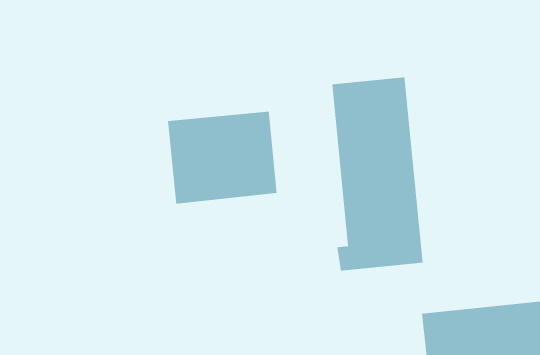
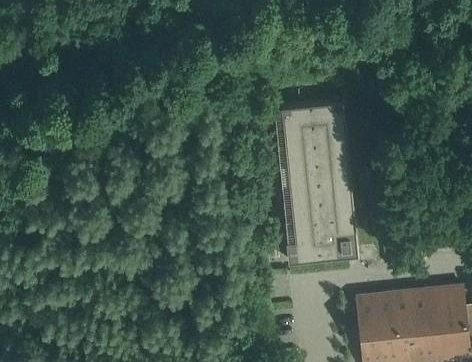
building: [168,111,277,204] -> none

